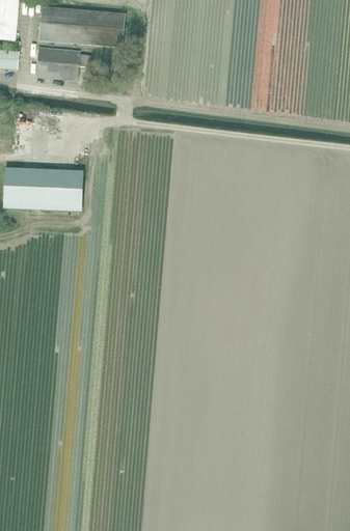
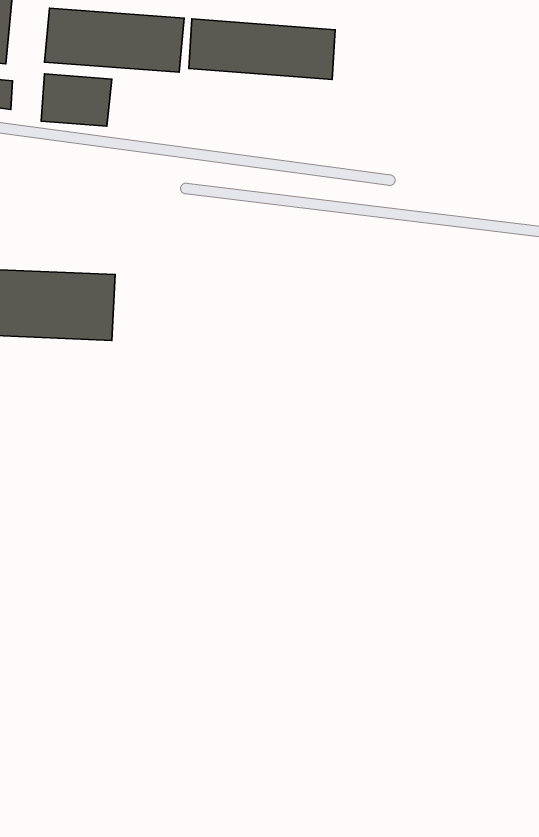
building: none -> [189,19,335,79]

